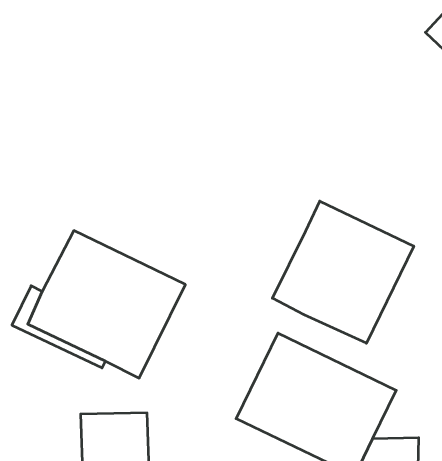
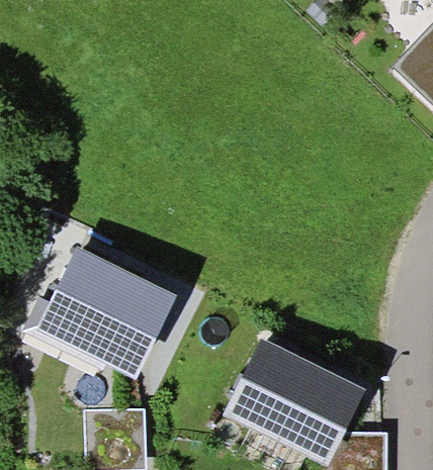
building: [272,201,414,343] -> none

